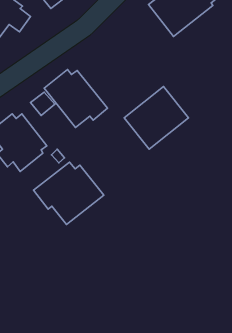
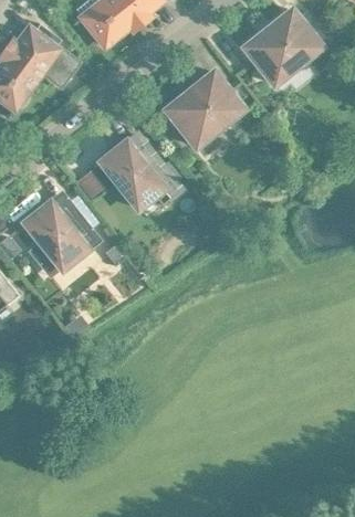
building: [124,87,188,149] -> [160,65,249,151]
building: [33,162,104,225] -> none

